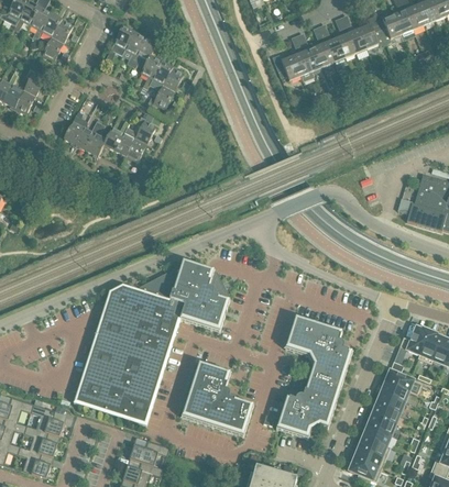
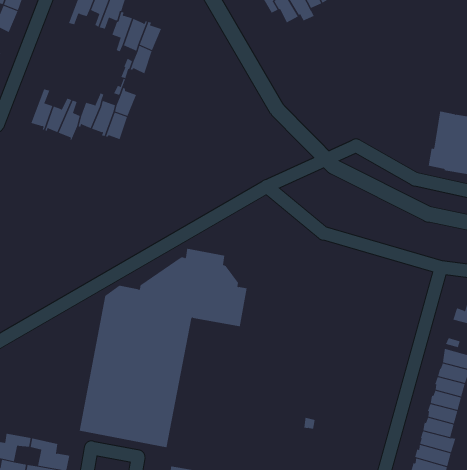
building: [276,314,352,436] -> none
building: [182,361,254,434] -> none

